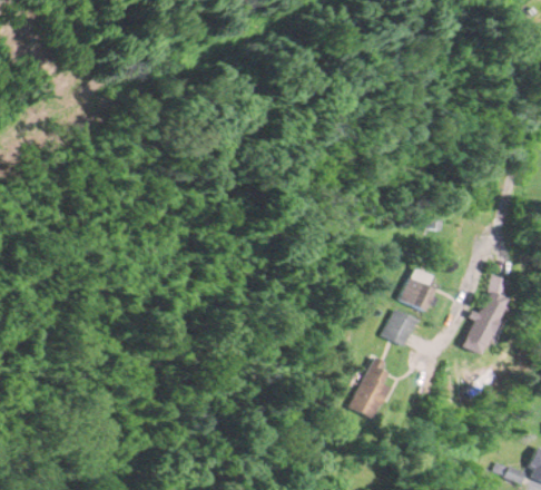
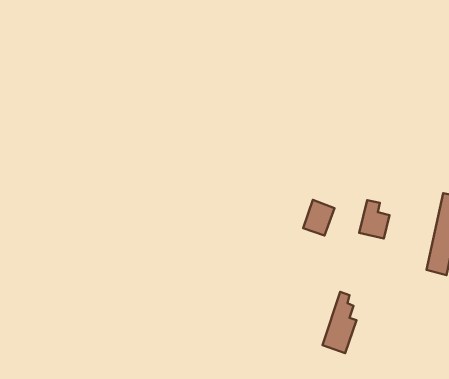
building: [384,308,417,345] -> [303,200,334,235]

